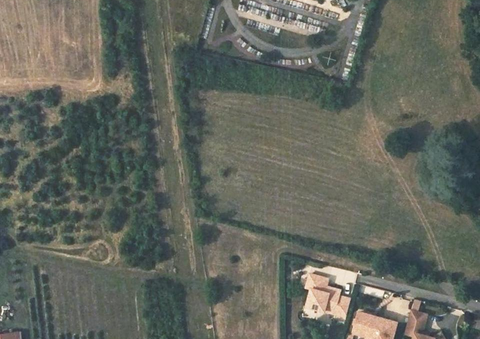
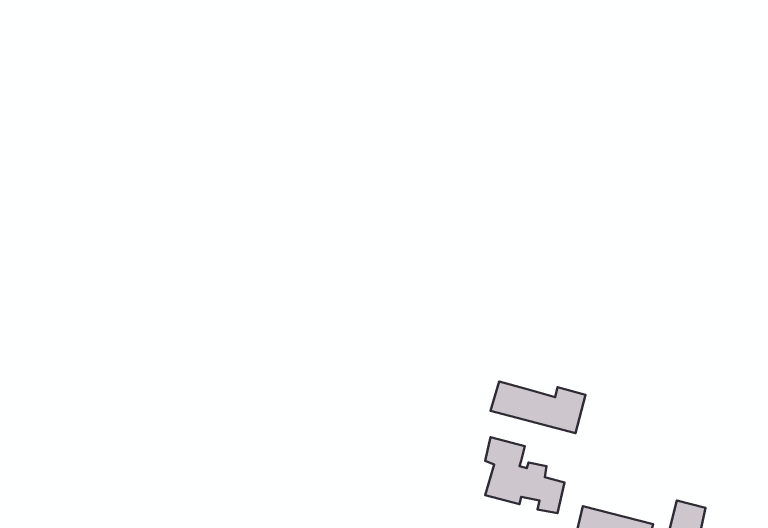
building: none -> [491,381,585,433]

